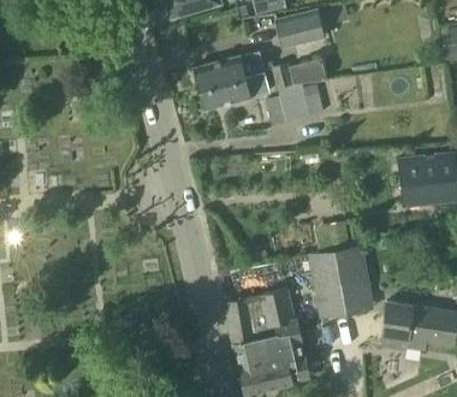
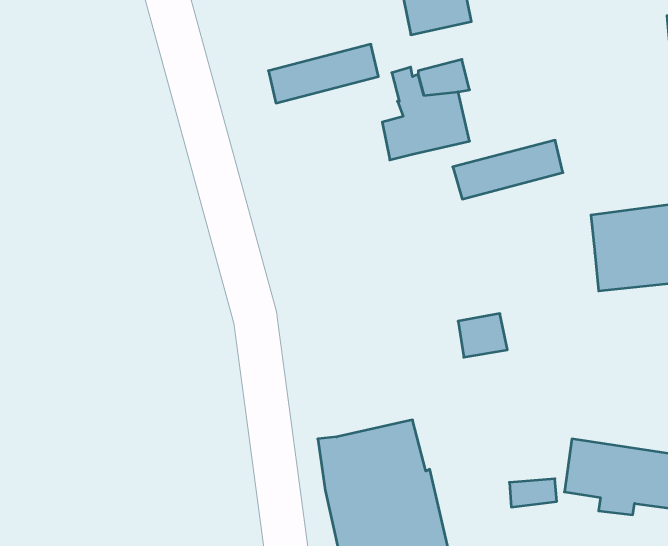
building: [200,71,269,108] -> [453,140,563,199]
building: [309,243,374,318] -> none

